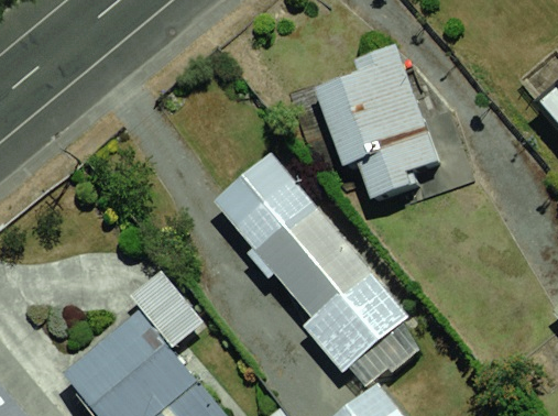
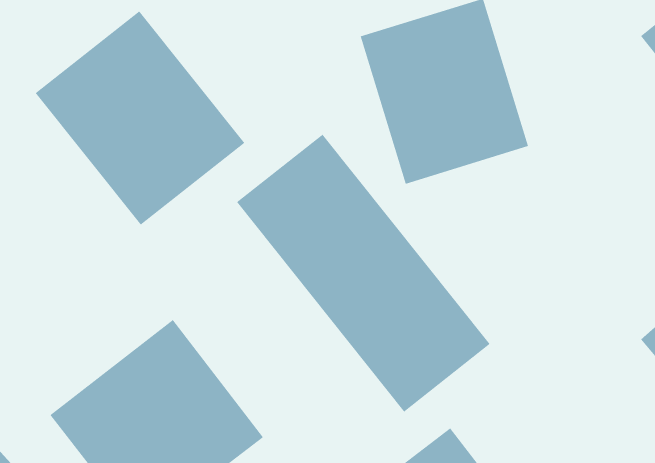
building: none -> [35,10,245,226]

